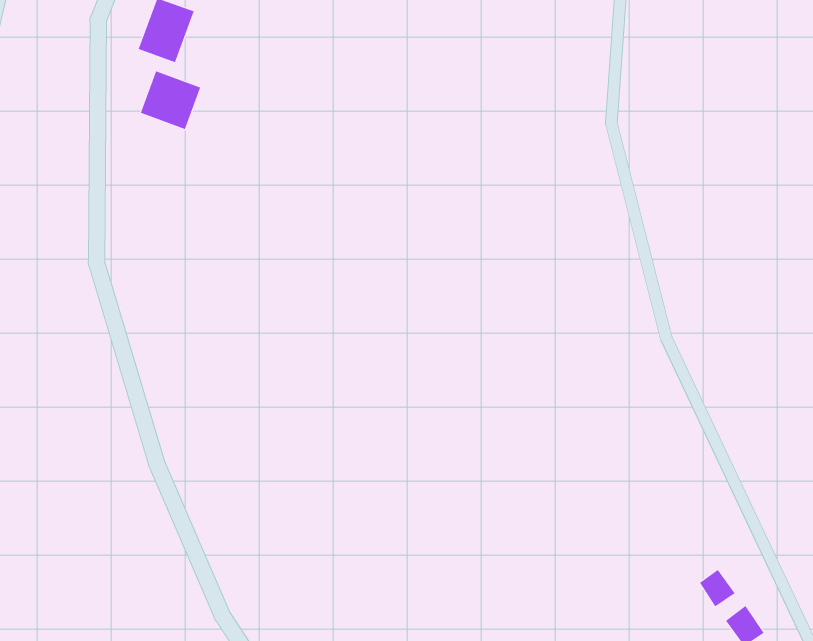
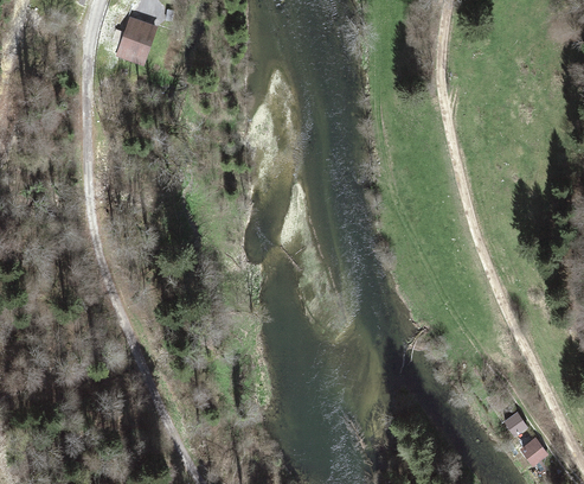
building: [140,70,201,130] -> none

